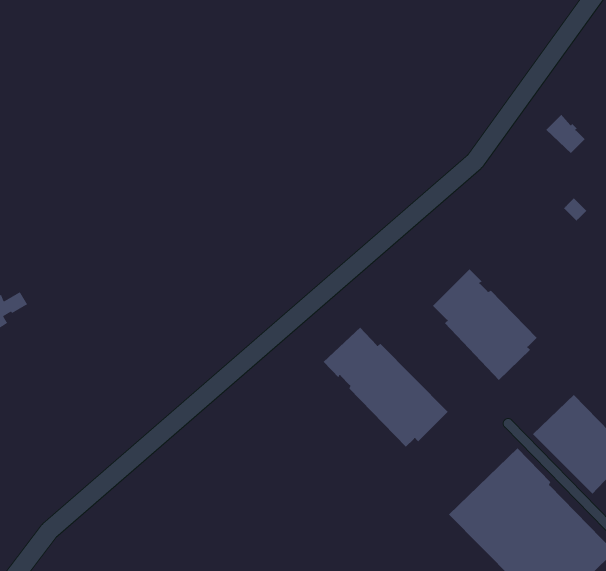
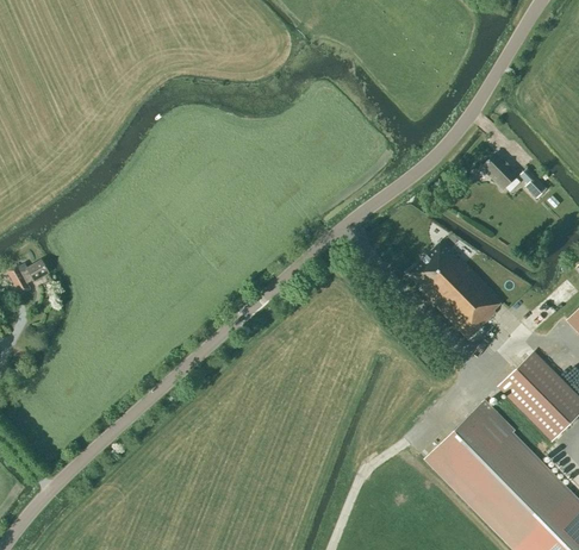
building: [546,114,586,154] -> [482,152,518,188]
building: [323,327,449,448] -> none

